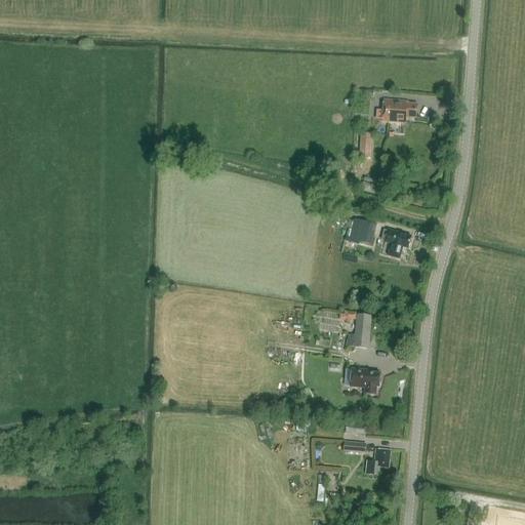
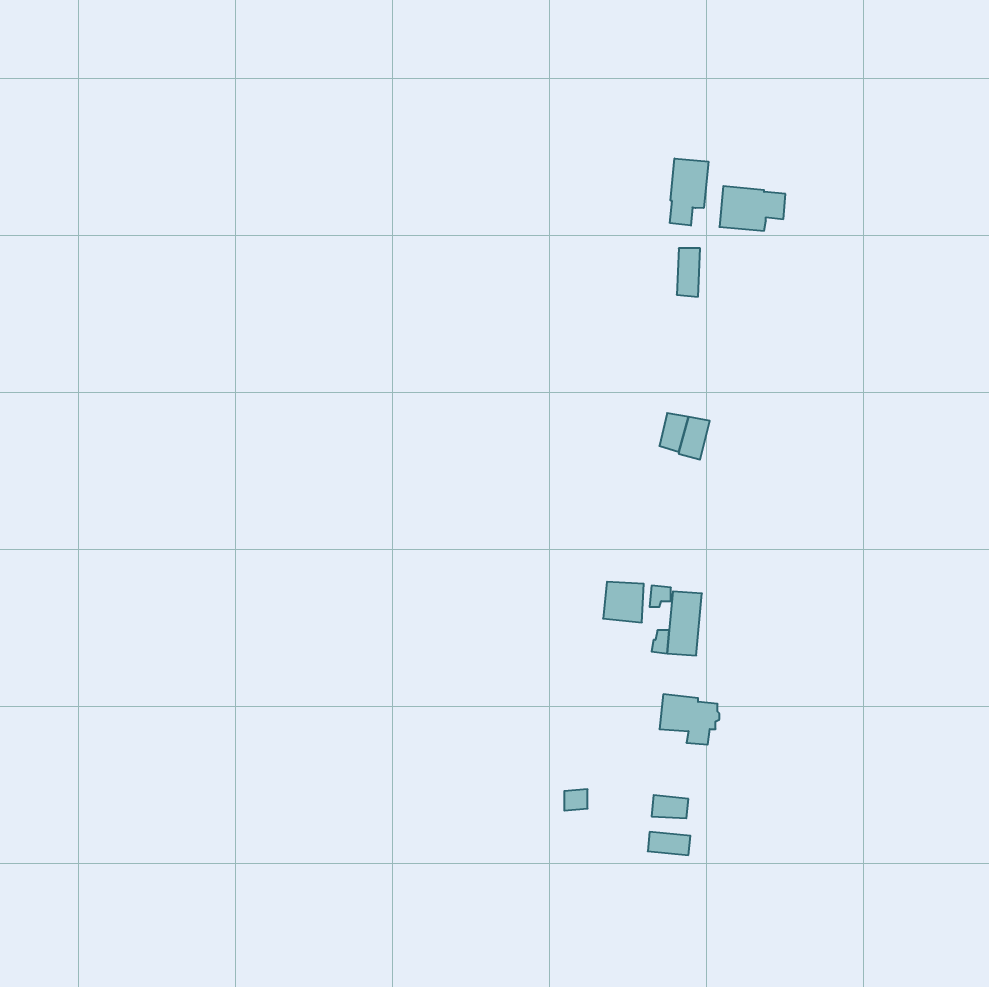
building: none -> [670,158,708,226]
building: [383,228,410,256] -> none
building: [365,448,390,474] -> none

